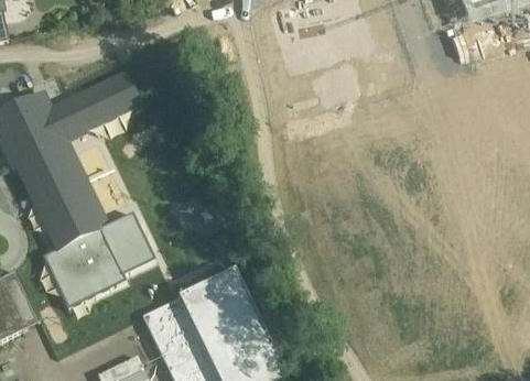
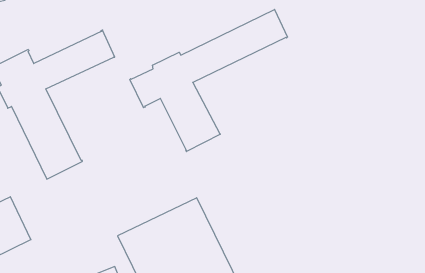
building: none -> [130,9,287,152]
building: [43,211,153,305] -> none

